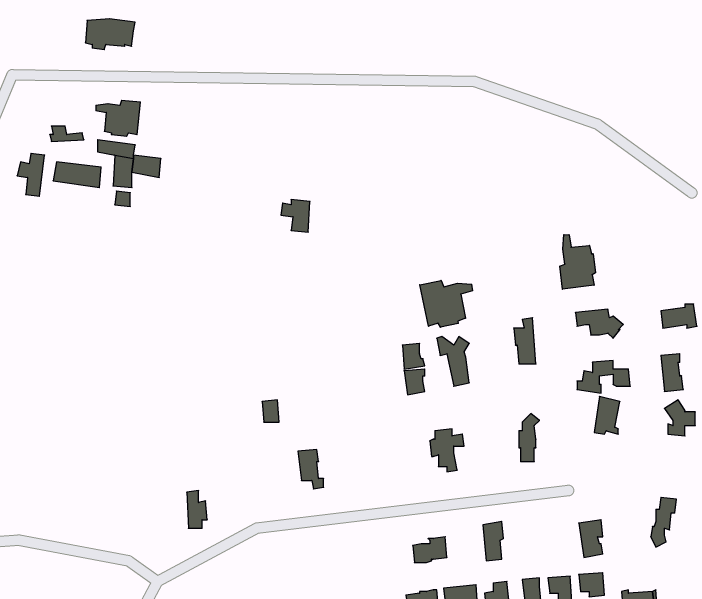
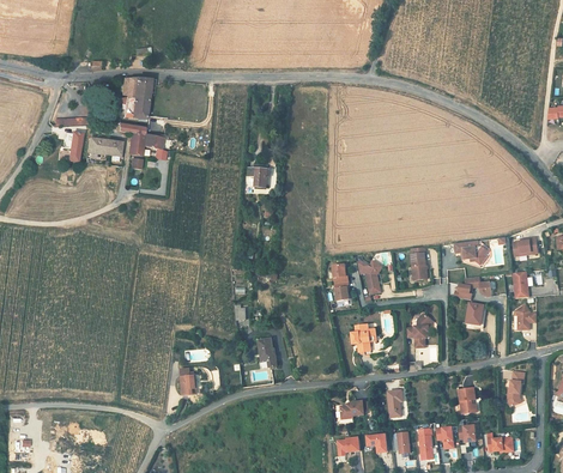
building: [85,19,135,50] -> [122,77,157,98]
building: [560,235,595,289] -> none
building: [420,280,472,327] -> none

